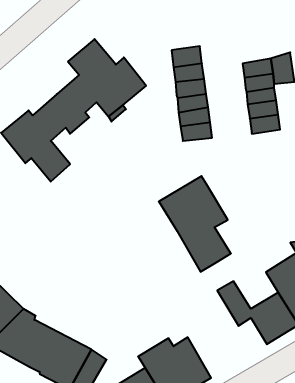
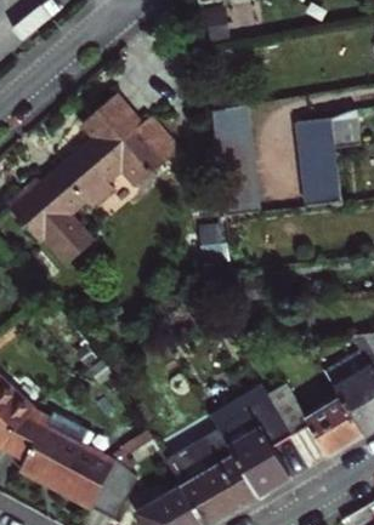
building: [159,176,231,272] -> [209,383,295,497]

